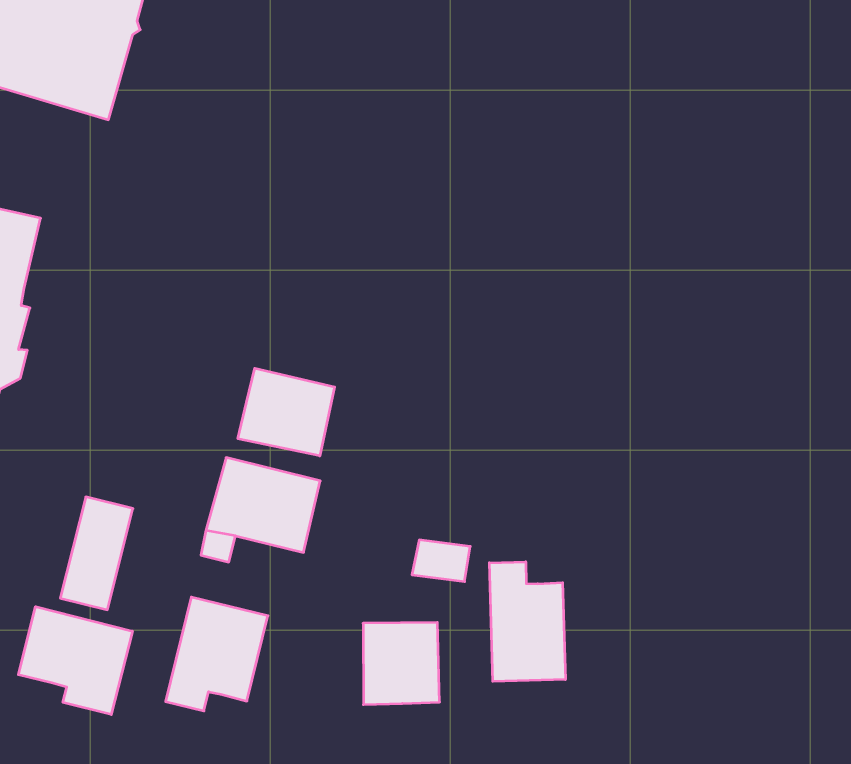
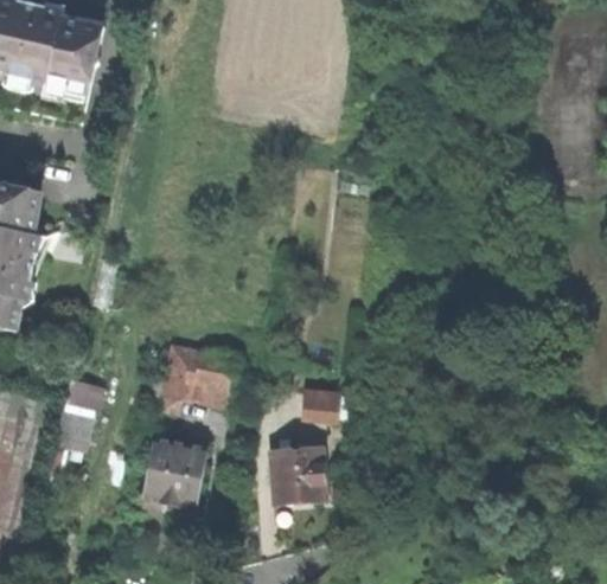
building: [238,368,335,456] -> none
building: [489,562,565,681] -> none
building: [18,607,132,715] -> none

